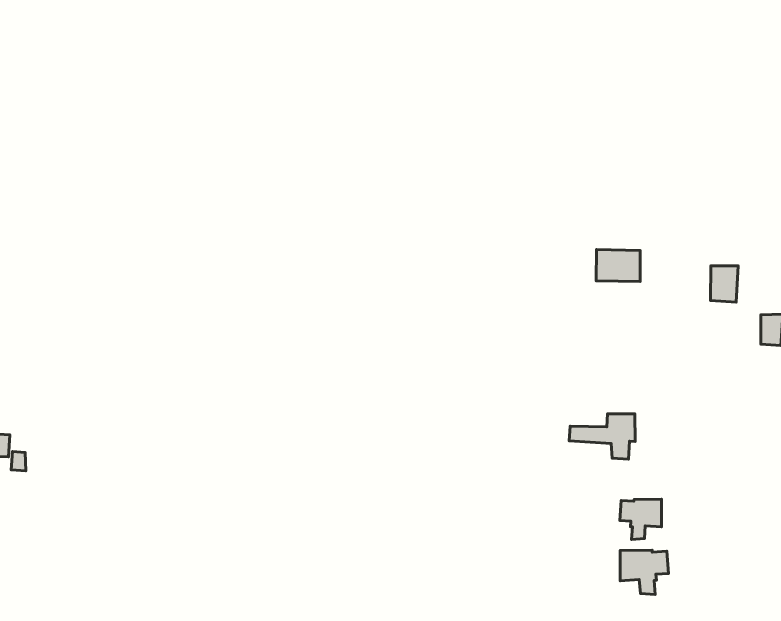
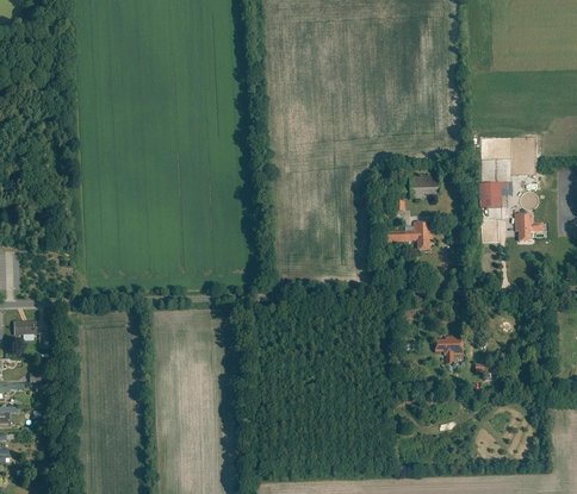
building: [569,414,635,459] -> [389,220,432,250]
building: [620,550,669,594] -> none

